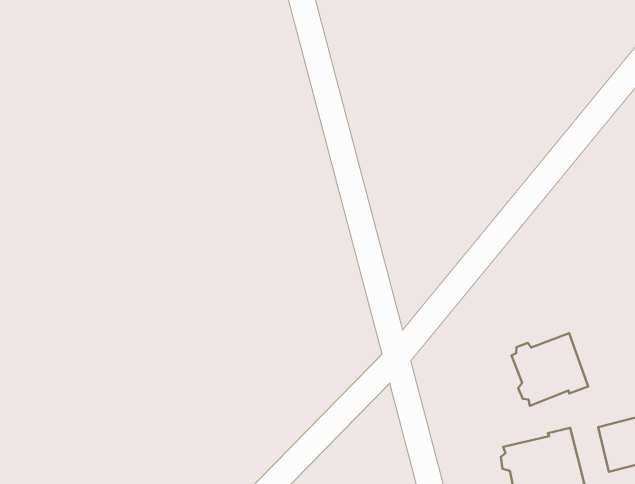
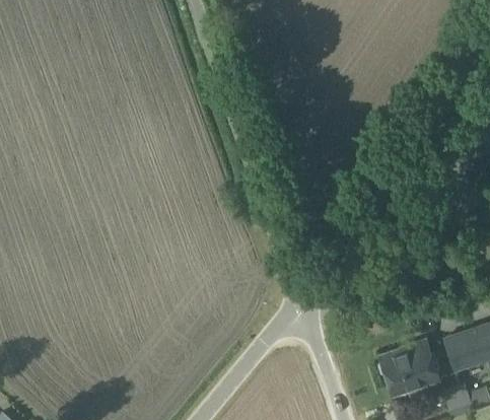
building: [511,333,588,406] -> none

